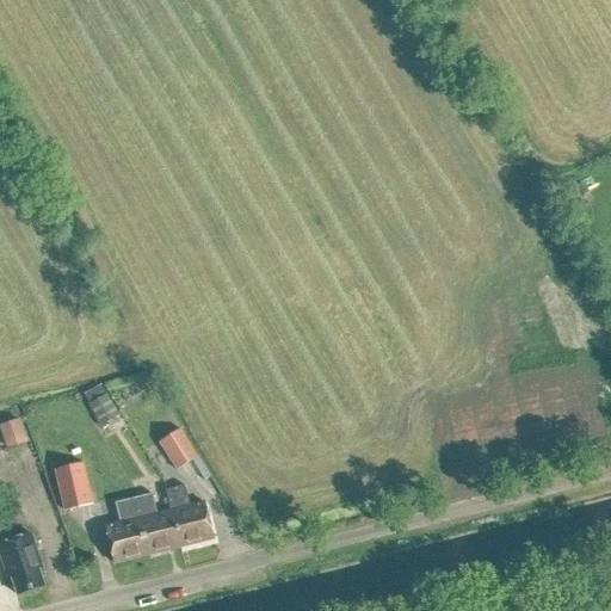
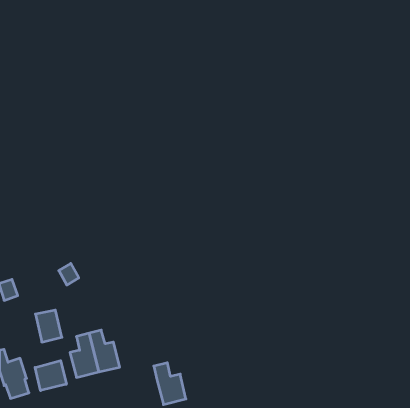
building: [158,426,196,467] -> none
building: [163,483,211,545] -> [154,363,186,405]
building: none -> [35,361,66,391]

